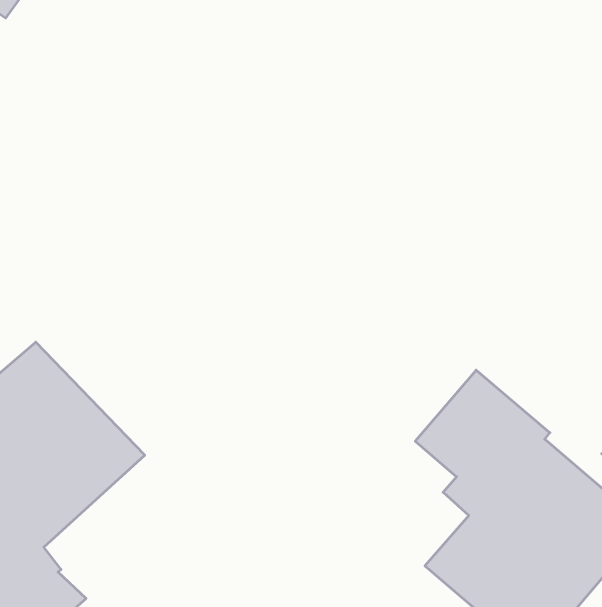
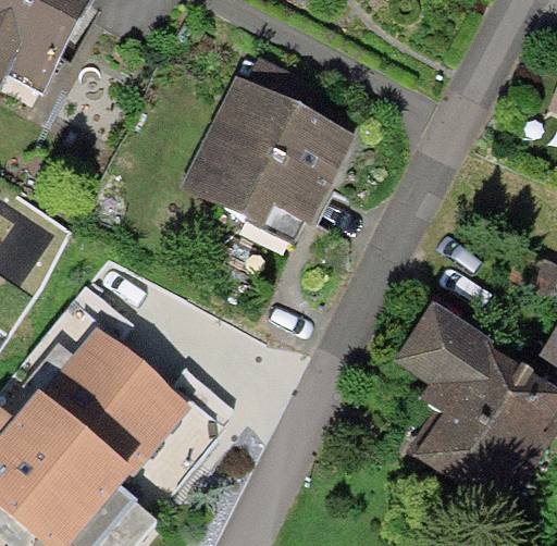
building: none -> [182,72,361,239]

